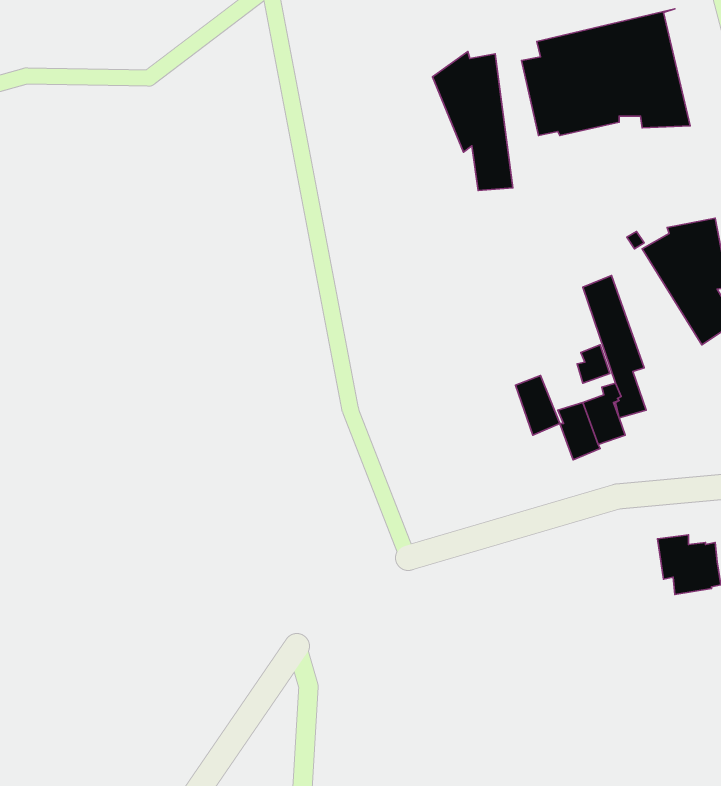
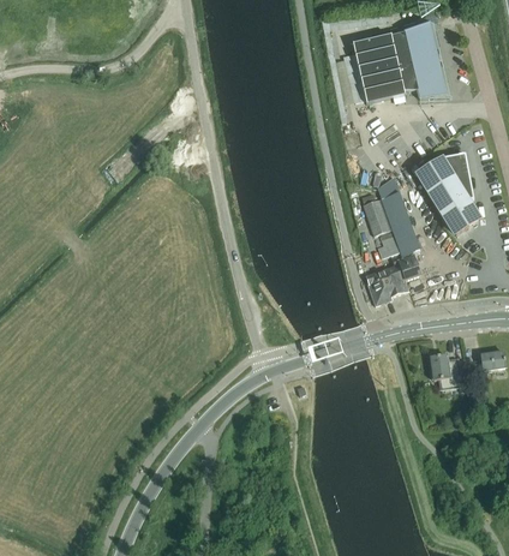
building: [433,52,513,191] -> none
building: [516,375,560,435] -> [361,196,389,233]

